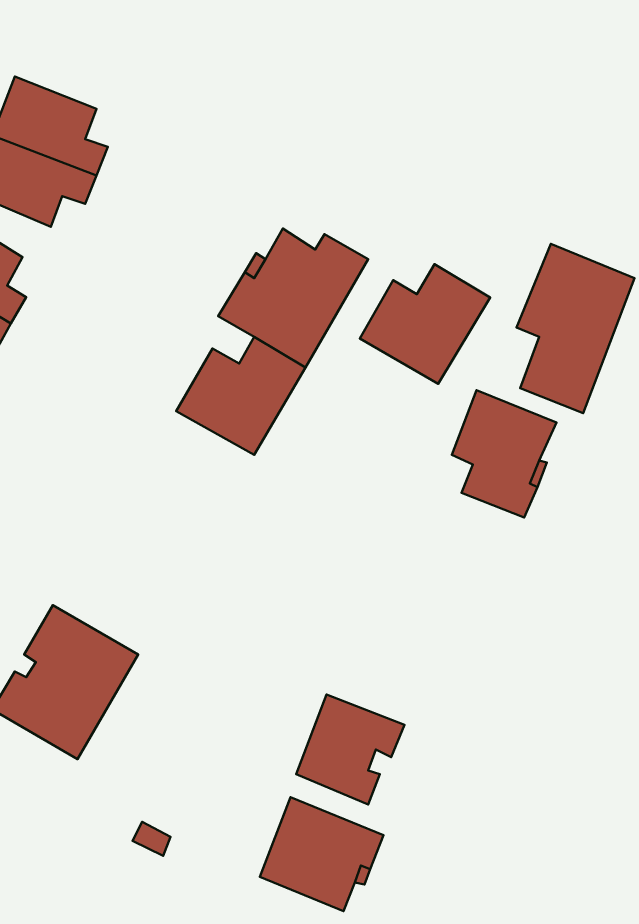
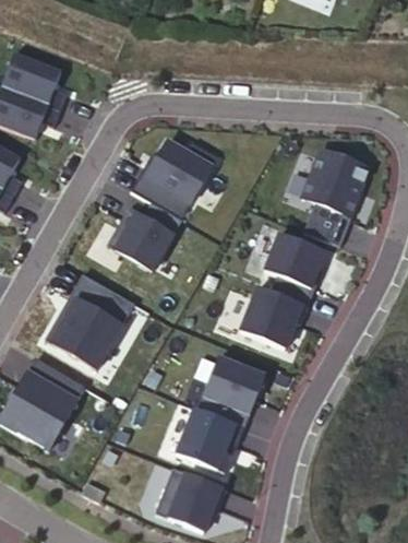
building: [360,264,490,384] -> none
building: none -> [45,274,135,369]
building: none -> [240,287,307,349]
building: none -> [190,353,255,426]

